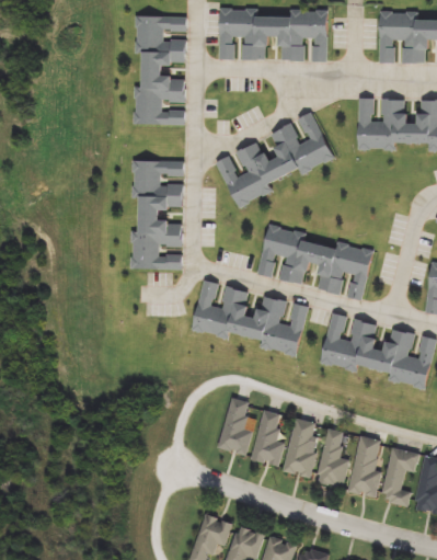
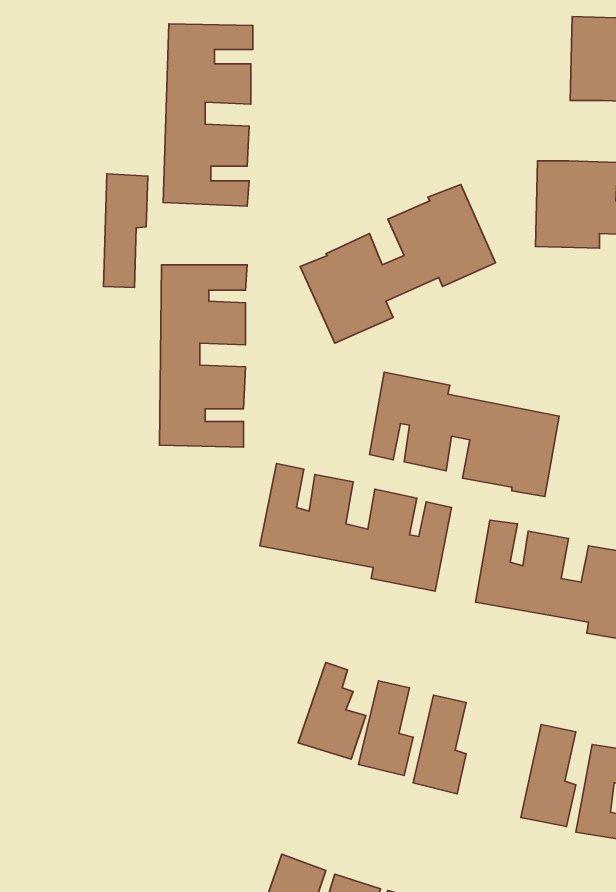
building: [218,9,327,60] -> none
building: none -> [103,174,148,288]
building: [317,428,348,488] -> none

